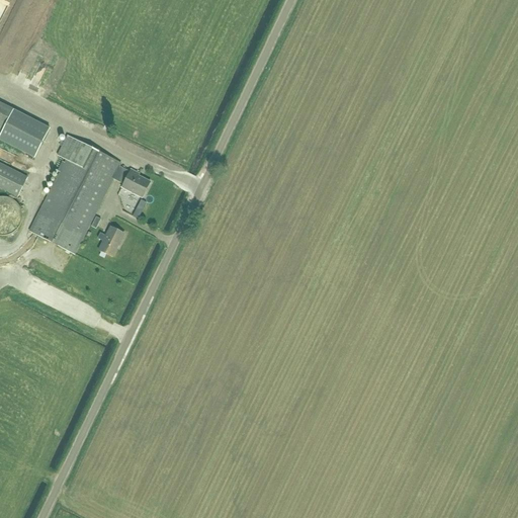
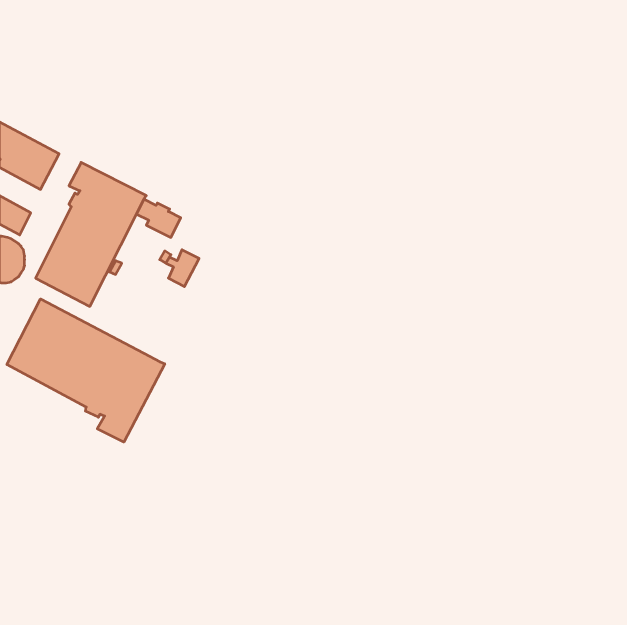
building: [96,225,123,255] -> [166,250,199,287]
building: none -> [7,299,165,442]

